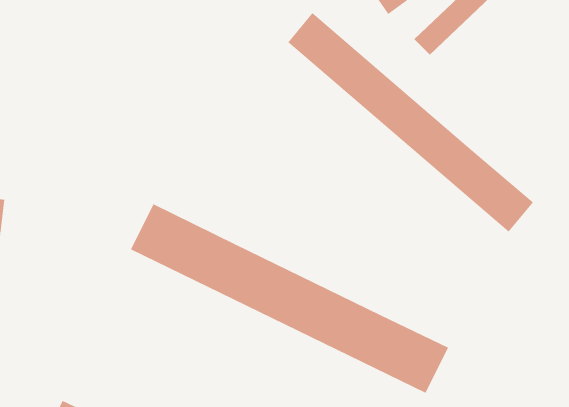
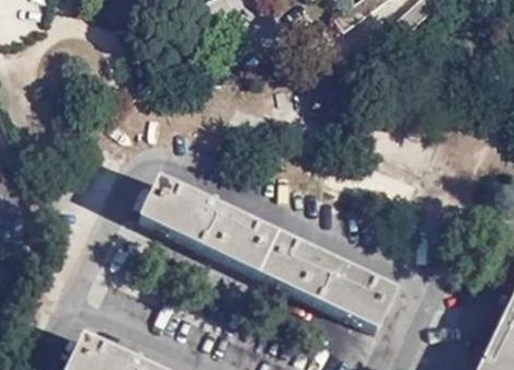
building: [287,12,534,232] -> none

